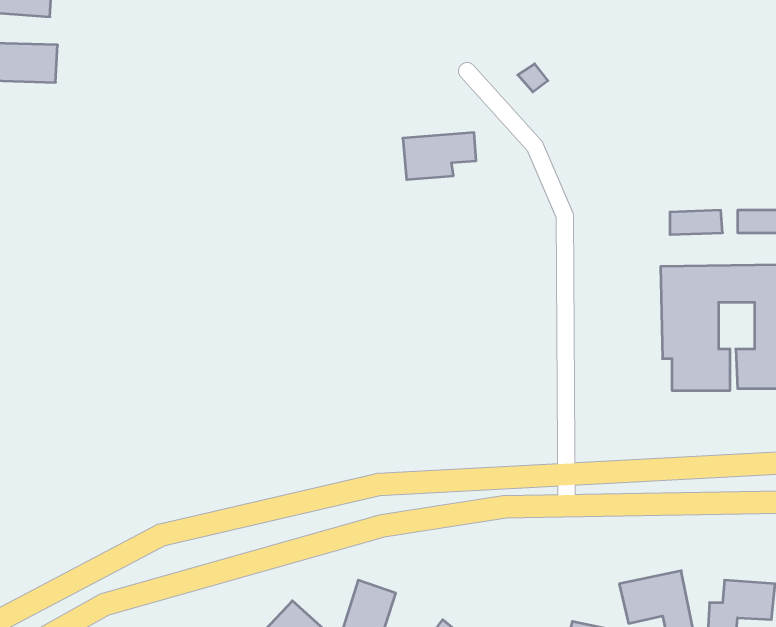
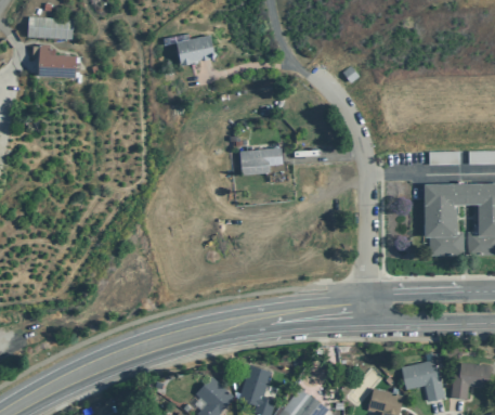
building: none -> [175,35,214,64]
building: [403,133,476,180] -> [239,147,282,174]

